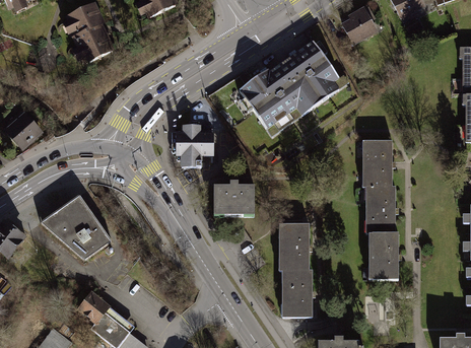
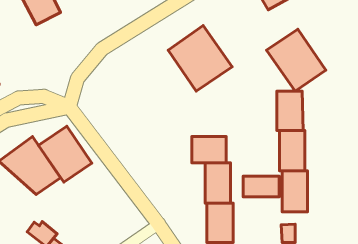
building: [277,39,346,111] -> [266,29,326,91]
building: [176,124,213,165] -> none
building: none -> [38,126,92,182]
building: [214,185,254,215] -> [192,137,226,163]
building: none -> [243,176,279,197]

